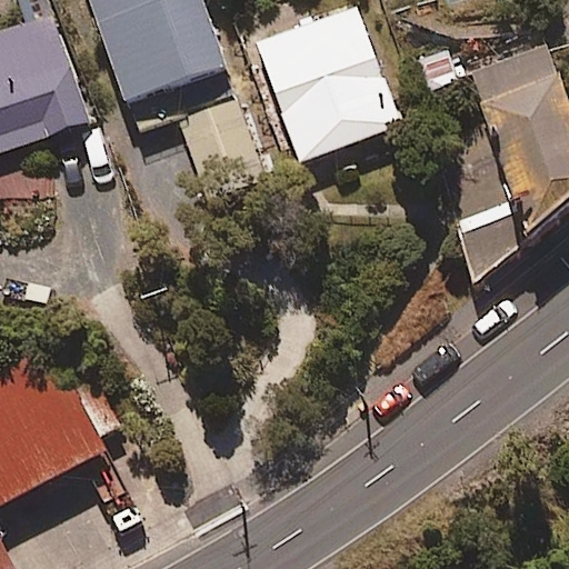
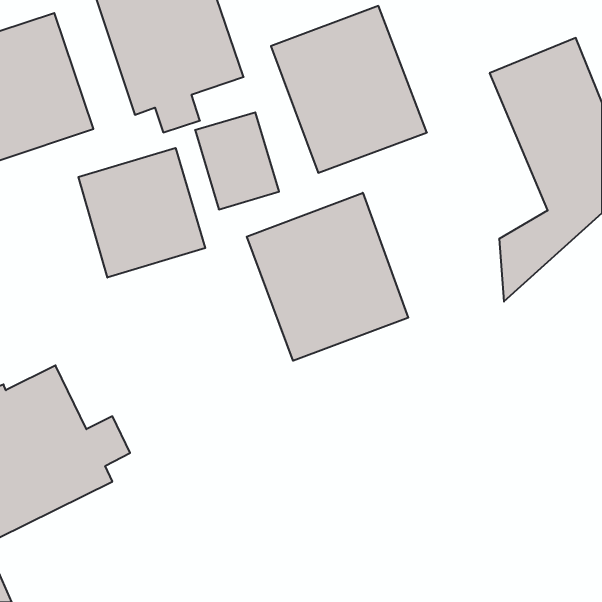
building: none -> [78,148,205,278]
building: none -> [247,193,408,361]

